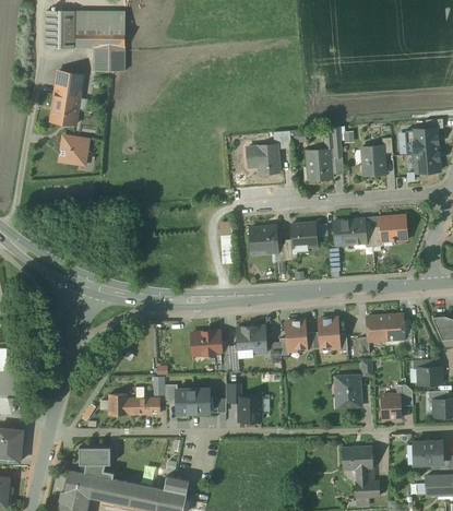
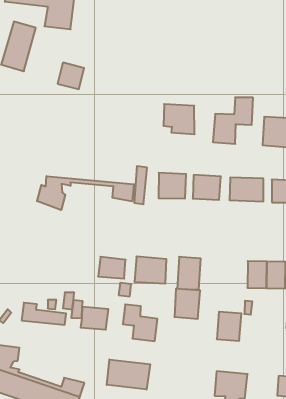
building: [62,135,91,164] -> [58,63,84,89]
building: none -> [37,176,134,210]
building: [314,316,344,349] -> [174,289,200,319]
building: [375,392,403,421] -> none
building: none -> [107,359,150,390]

